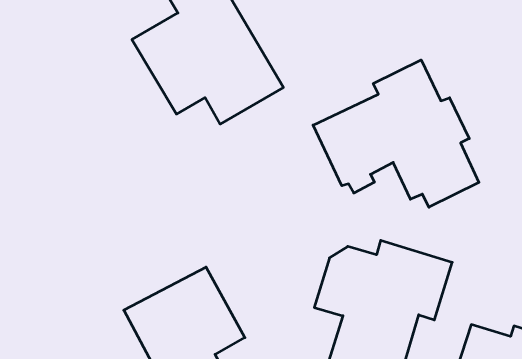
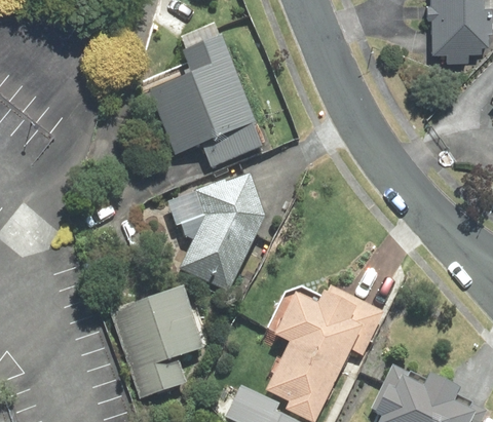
building: [313,60,479,207] -> none
building: none -> [164,172,263,293]

